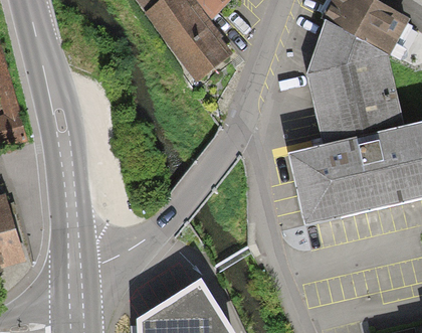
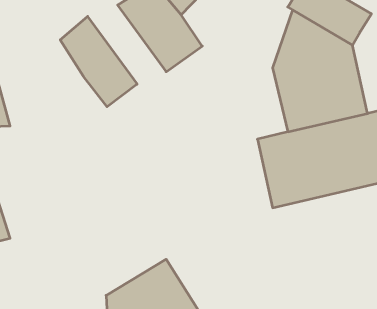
building: none -> [60,16,137,107]

